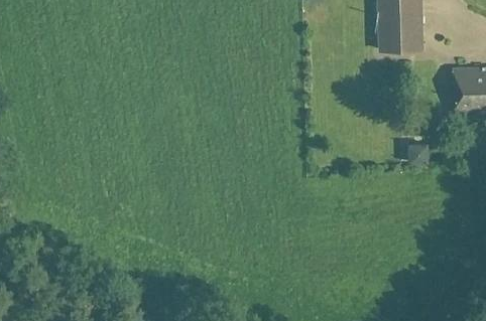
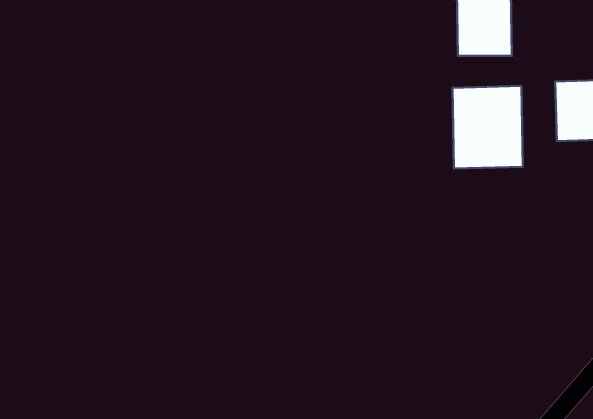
building: none -> [453,86,523,169]

